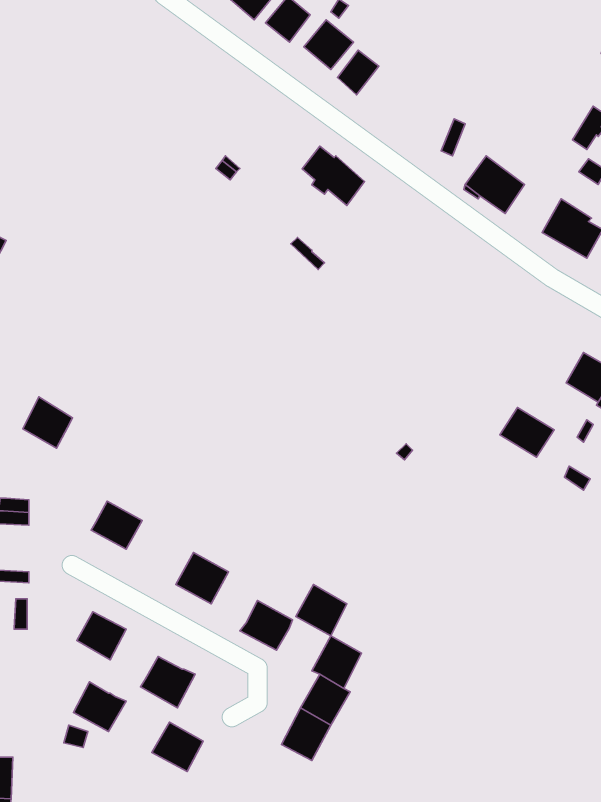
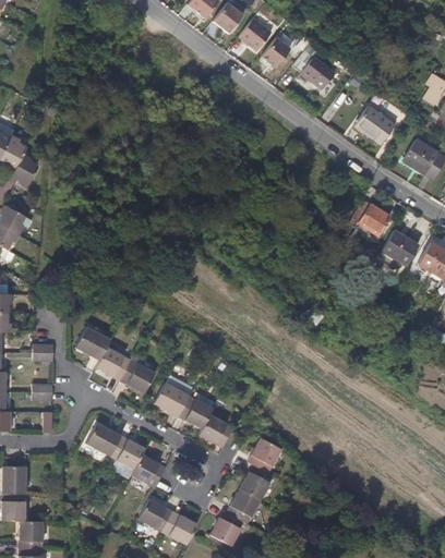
building: [302,146,365,206] -> [294,50,337,90]
building: none -> [358,206,388,236]
building: [23,397,72,448] -> [75,325,109,360]
building: [500,408,554,457] -> [381,231,418,265]
building: none -> [119,359,153,391]
building: [296,584,347,636] -> [177,393,212,428]
building: [73,682,126,732] -> [108,433,144,466]
building: none -> [160,509,195,543]
building: none -> [208,509,241,543]

